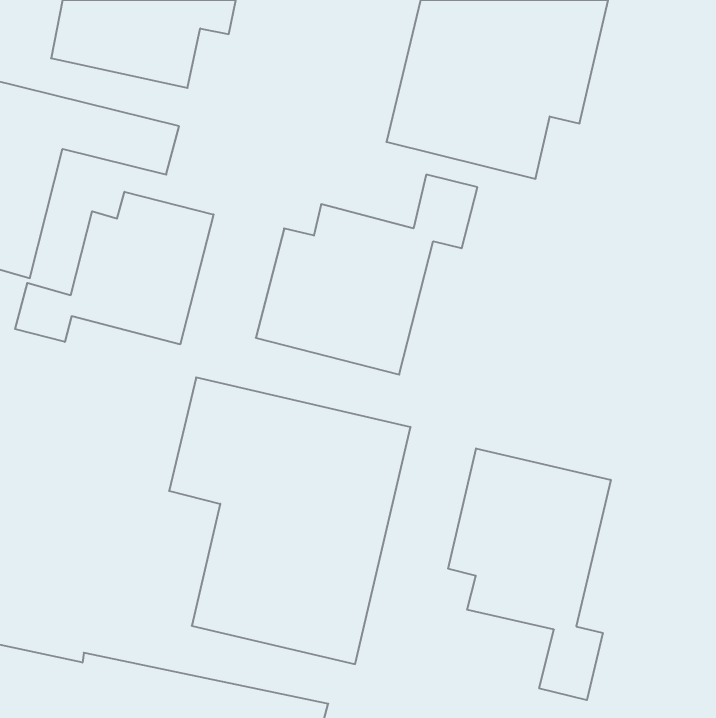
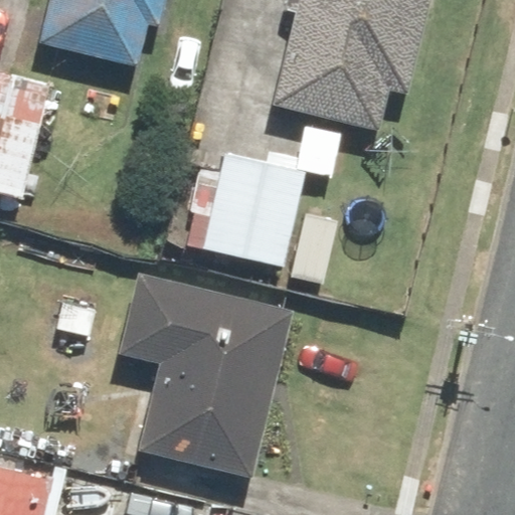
building: [15,192,214,344] -> none
building: [448,448,611,700] -> none

